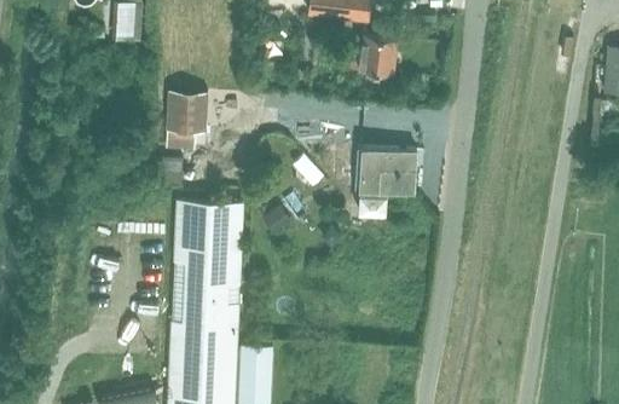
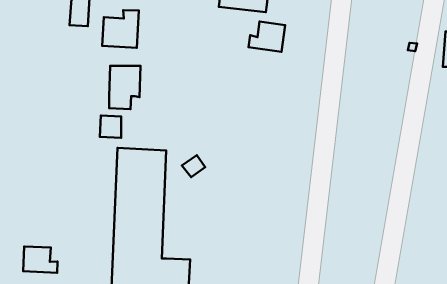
building: none -> [102,10,139,48]
building: [355,149,417,215] -> none
building: none -> [23,246,58,273]

